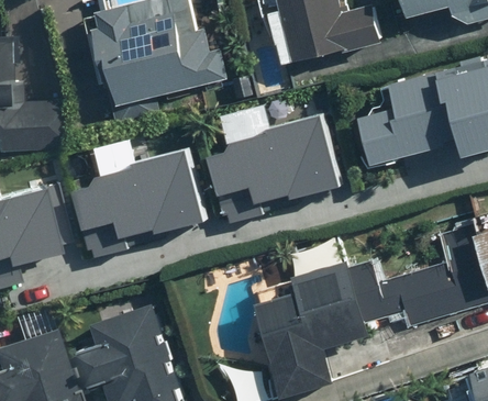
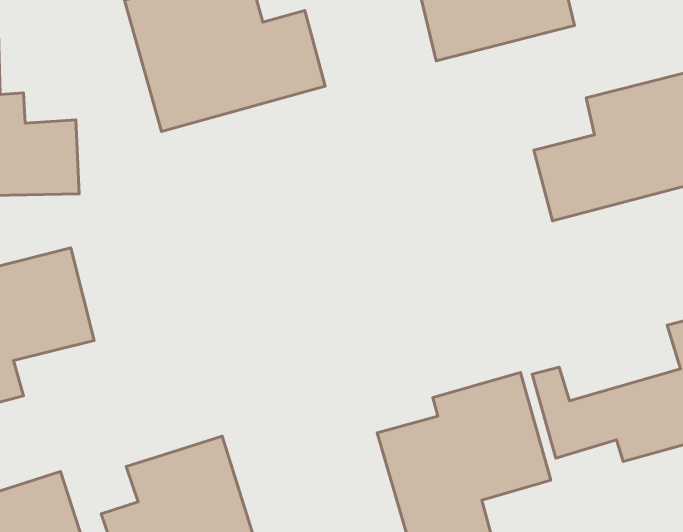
building: [206,116,342,223] -> none
building: [71,151,203,257] -> none

